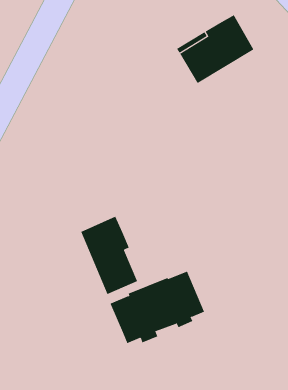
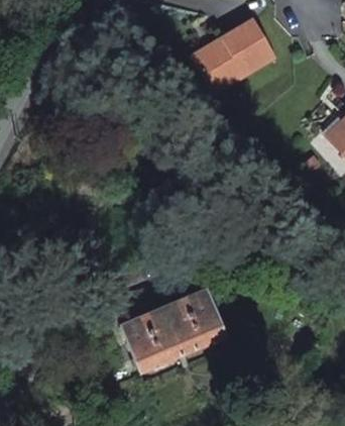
building: [81,216,138,295] -> none

